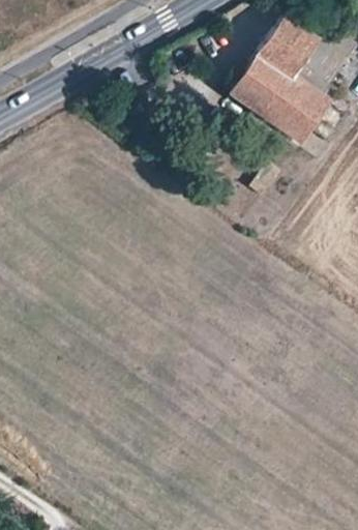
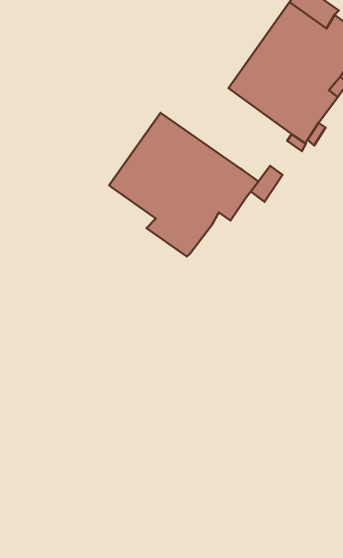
building: none -> [109,113,258,257]

